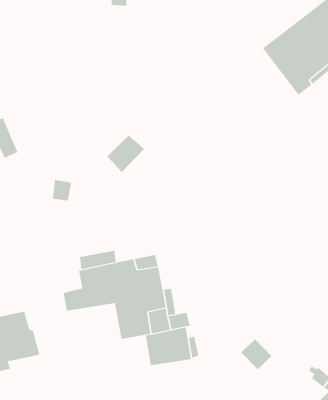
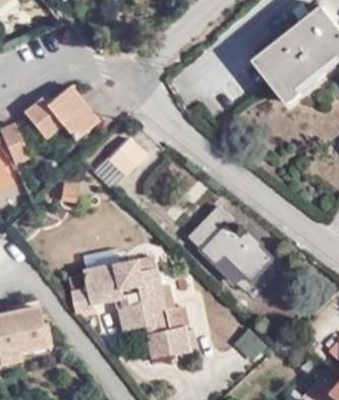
building: none -> [21,85,95,140]
building: none -> [188,208,271,284]

